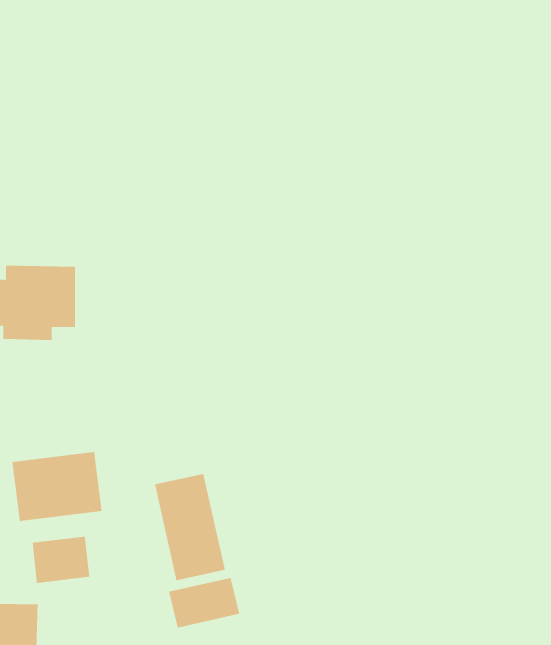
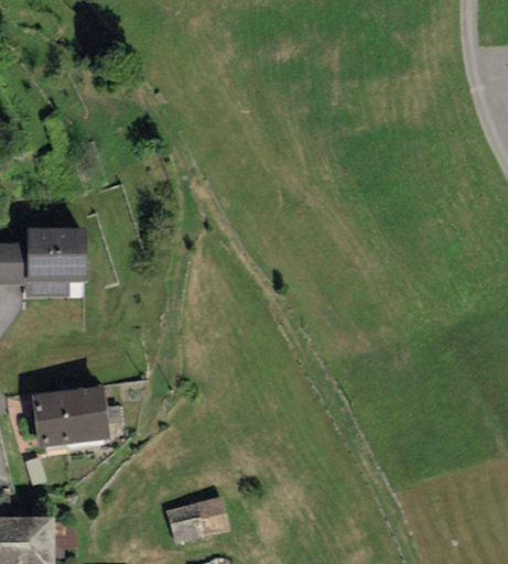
building: [154,473,226,581] -> none
building: [32,536,90,584] -> none

